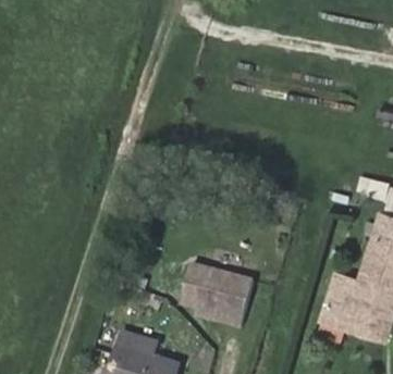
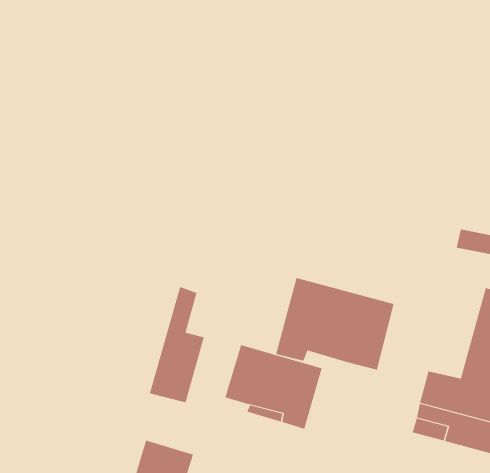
building: none -> [275,277,394,371]
building: none -> [149,286,205,403]

